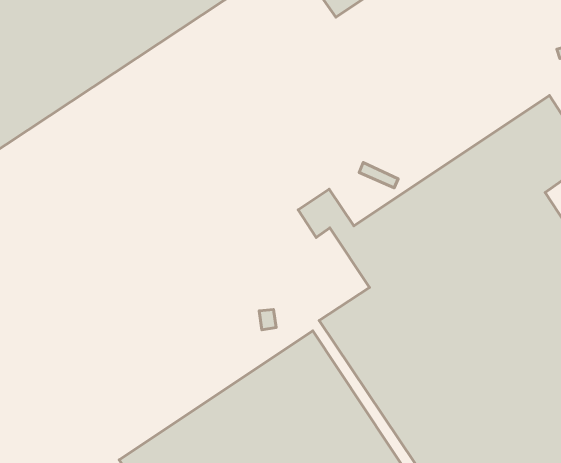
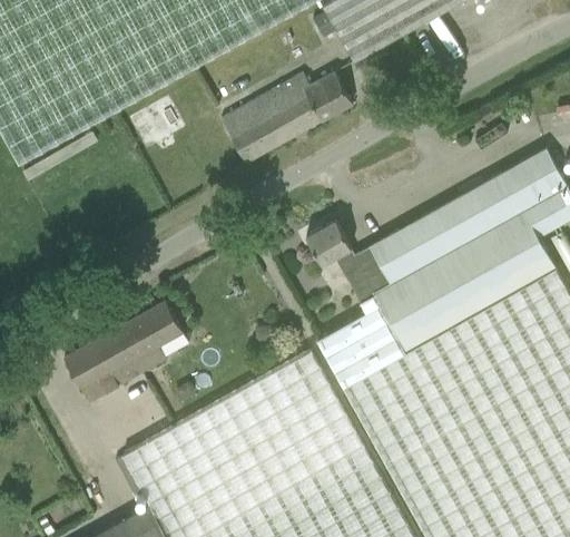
building: none -> [222,71,353,163]
building: none -> [65,300,183,402]

